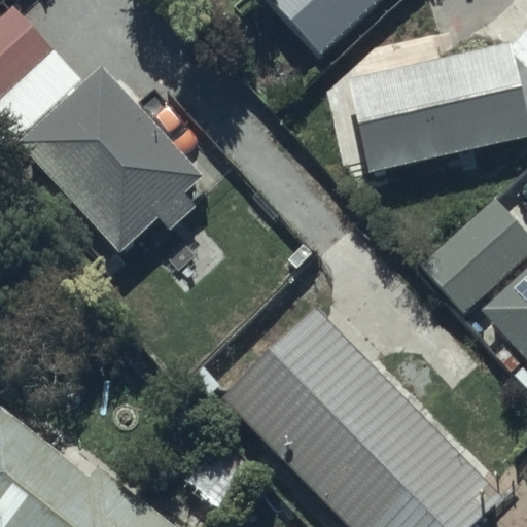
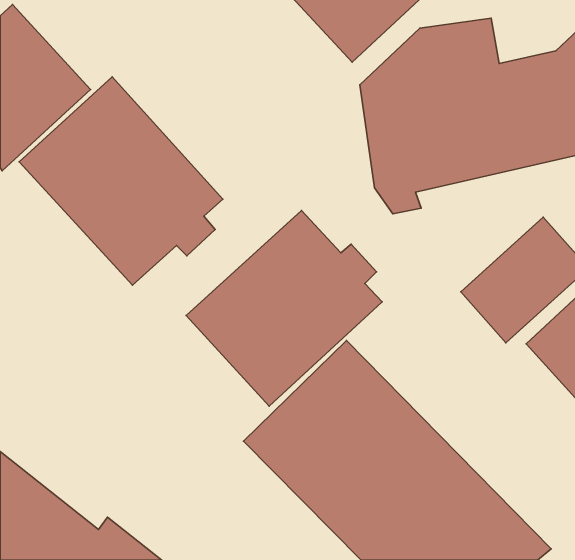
building: none -> [186,210,382,406]

